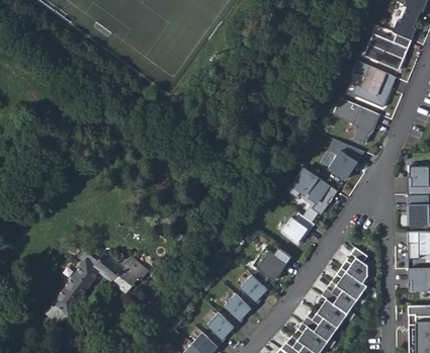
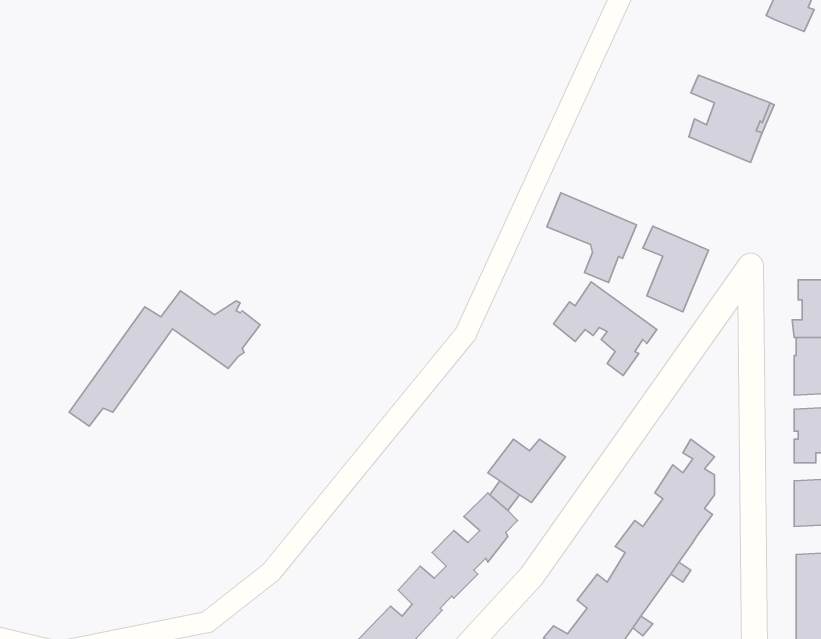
building: [365,33,413,70] -> none
building: [336,98,381,144] -> [547,193,636,282]
building: [281,212,315,242] -> none
building: [47,255,144,324] -> [69,291,260,426]

